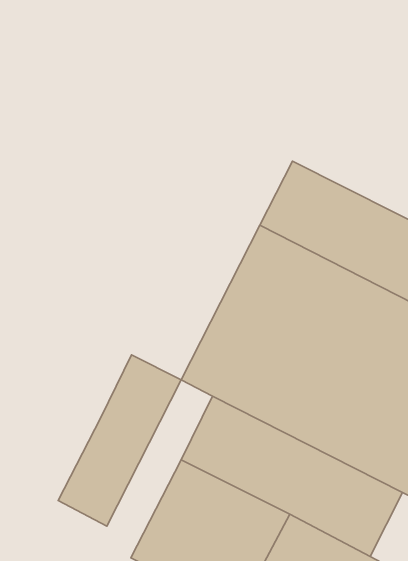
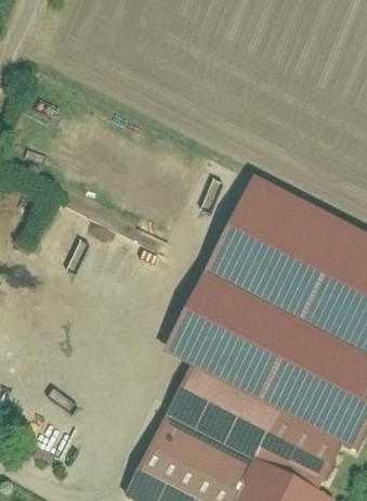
building: [58,355,181,526] -> none

